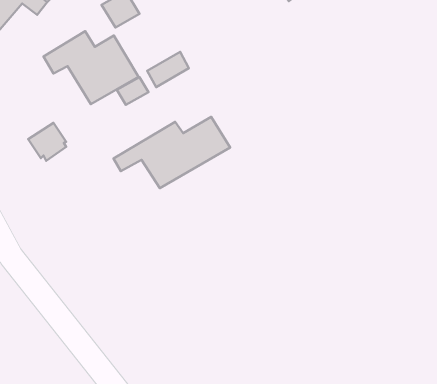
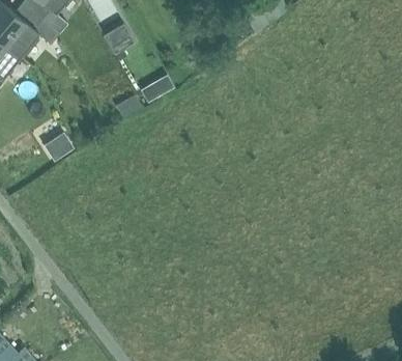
building: [44,31,138,104] -> none
building: [113,117,230,188] -> none

